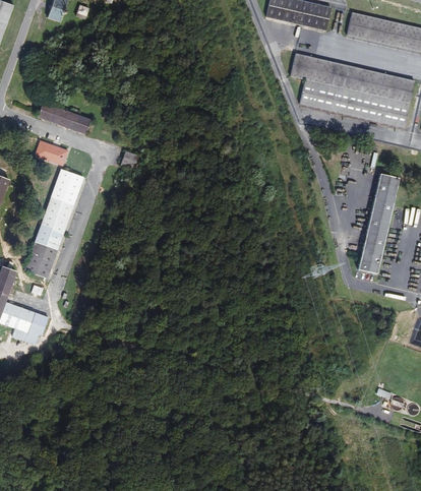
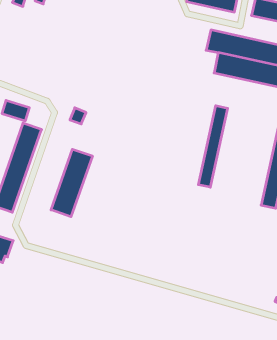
building: [37,102,92,133] -> none
building: none -> [198,106,228,187]
building: none -> [51,149,92,217]

